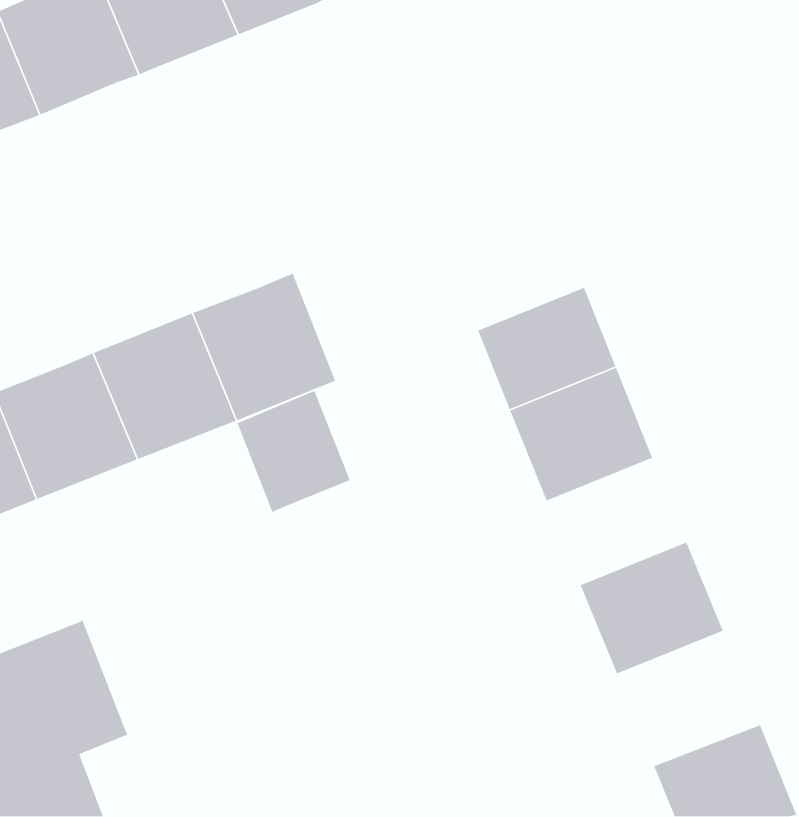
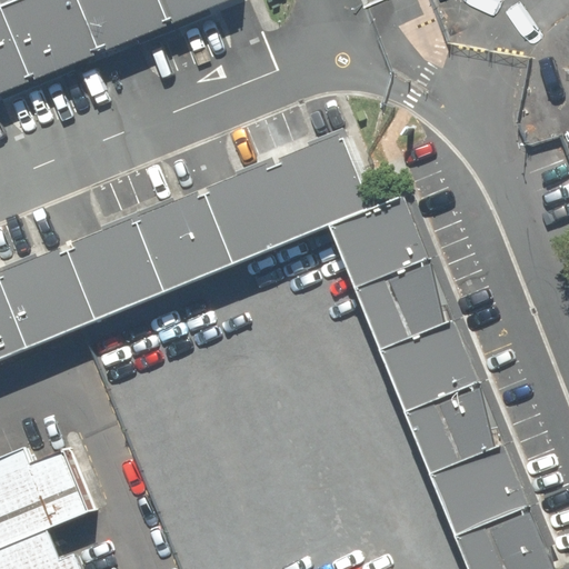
building: none -> [203,133,371,264]
building: [237,390,351,513] -> none
building: none -> [379,318,477,406]
building: none -> [428,438,528,531]

